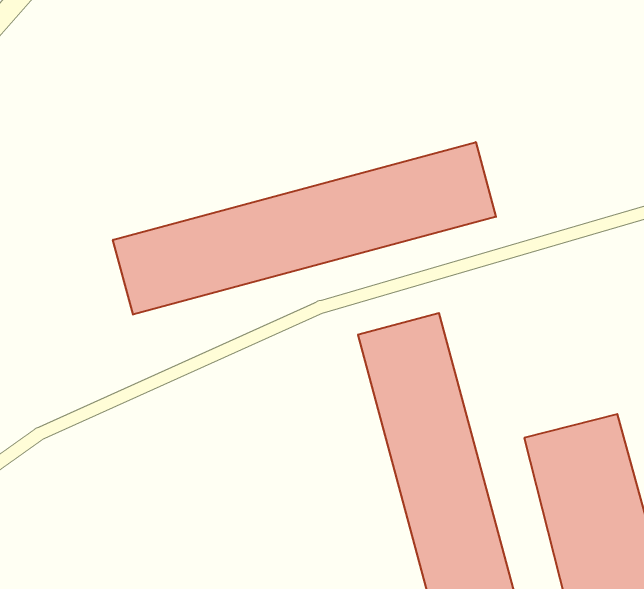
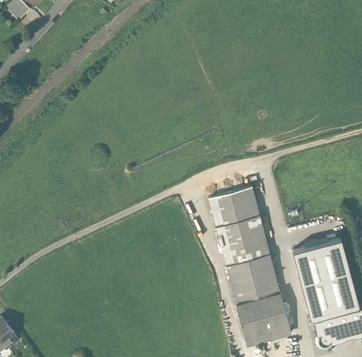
building: [113,142,496,315] -> none

